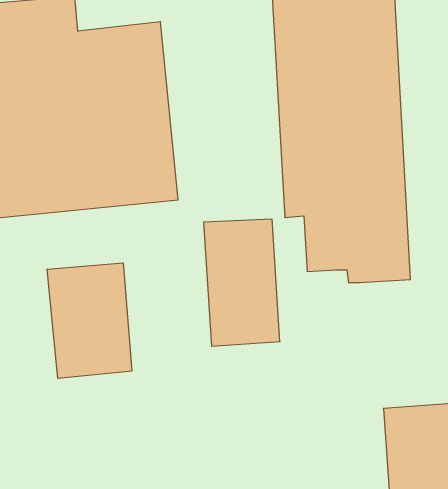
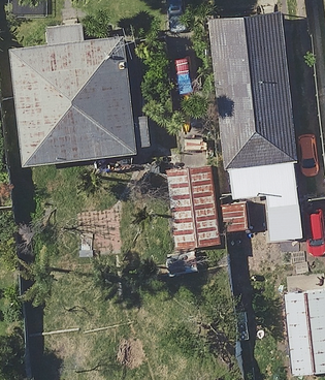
building: [47,263,132,378] -> none

